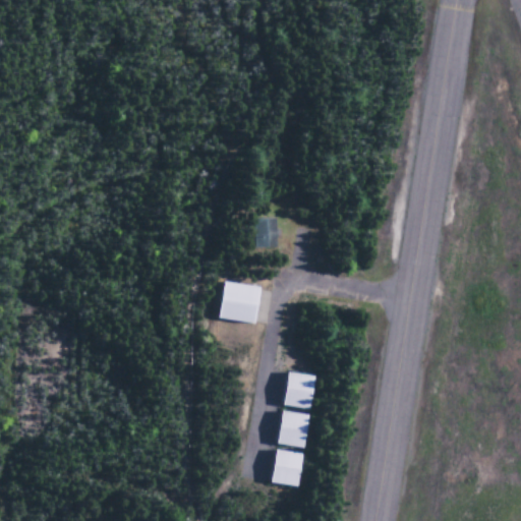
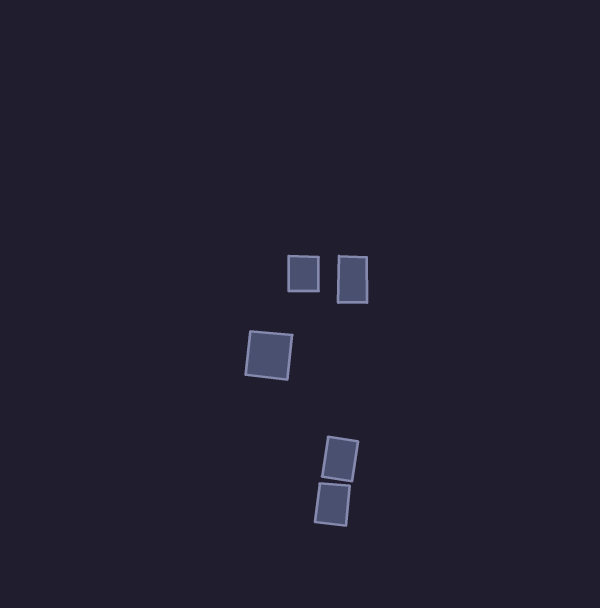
building: none -> [338,256,367,303]
building: [272,450,301,485] -> none

